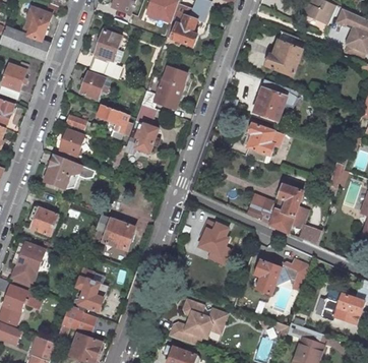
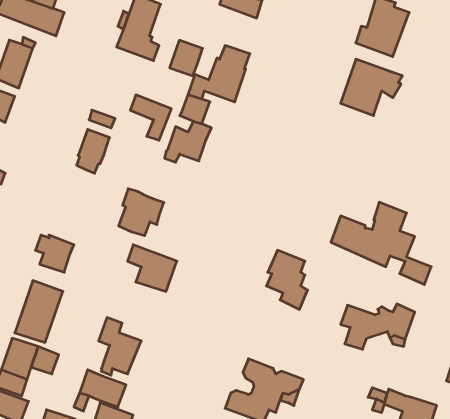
building: [80,72,105,99] -> [170,40,203,76]
building: [246,122,279,162] -> none
building: [45,154,78,188] -> [119,189,164,236]

